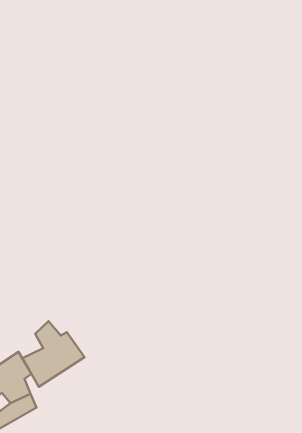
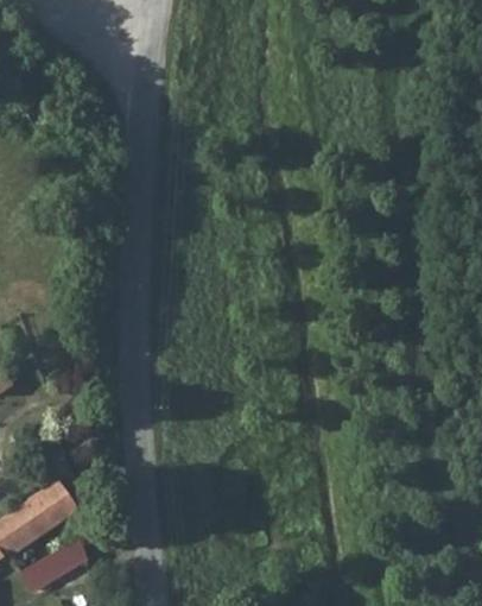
building: [23,321,84,387] -> none

